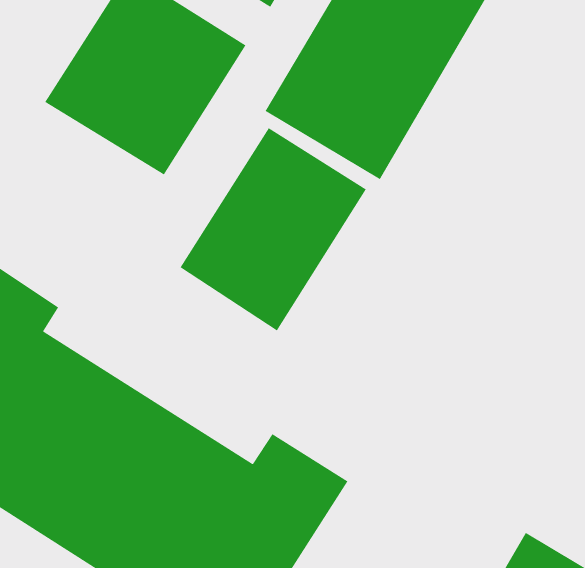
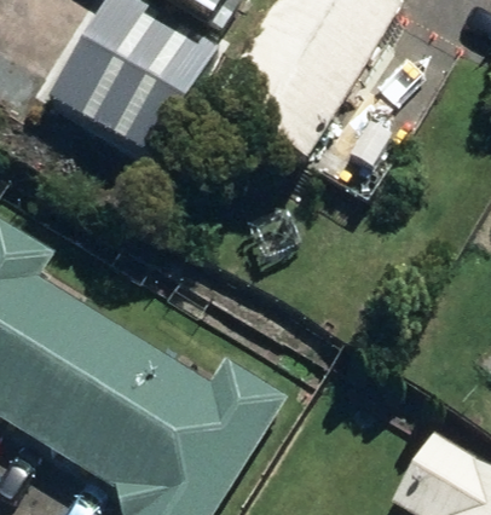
building: [180,127,367,332] -> none

